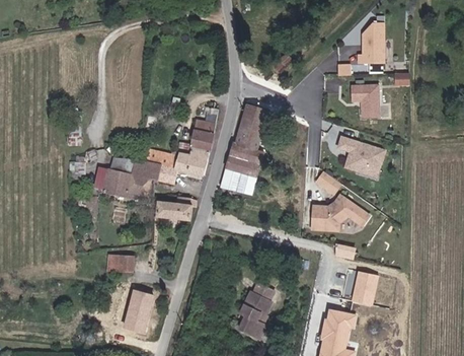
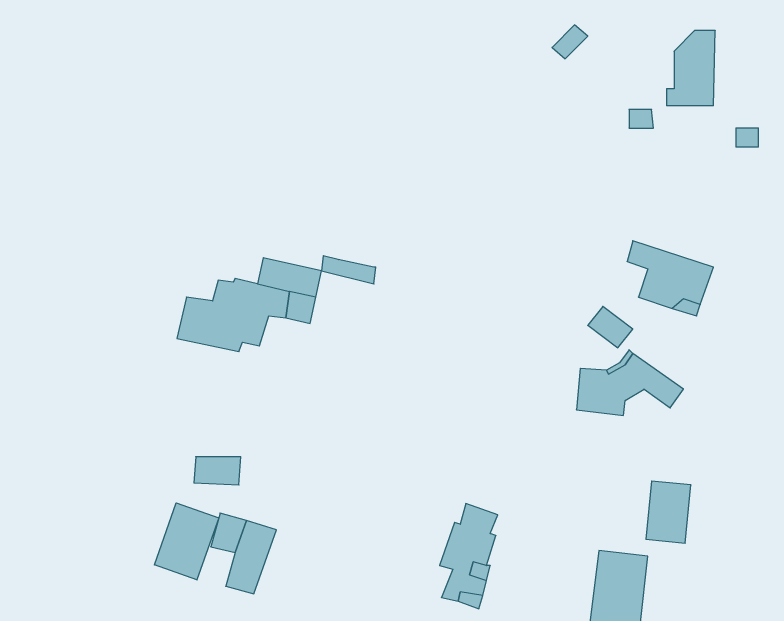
building: [355,86,382,119] -> none
building: [222,104,267,194] -> none
building: [184,118,210,152] -> none
building: [172,154,204,175] -> none
building: [150,199,194,220] -> none
building: none -> [154,503,219,580]

